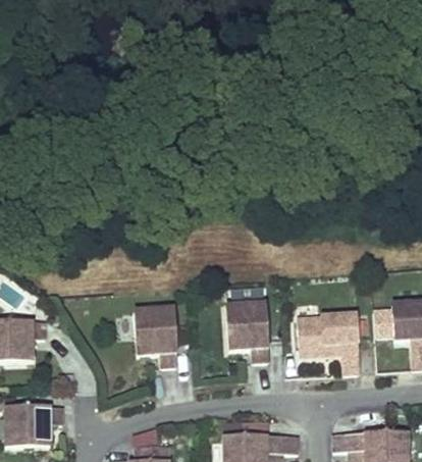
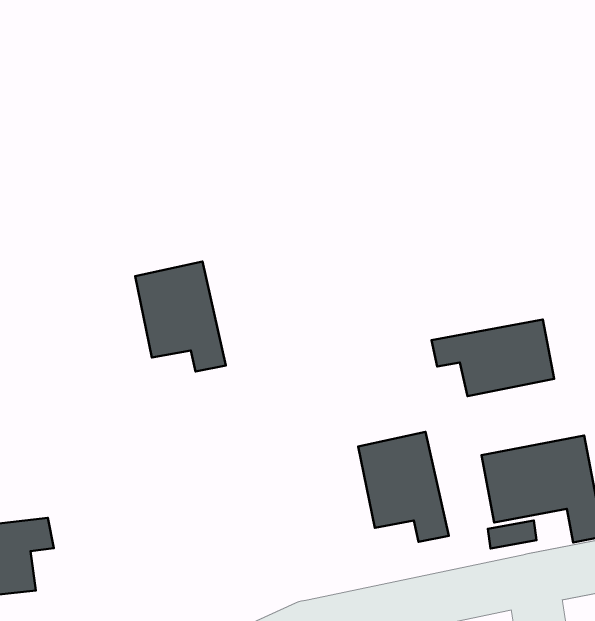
building: none -> [431,320,554,396]
building: [135,302,178,363] -> [135,261,226,372]

